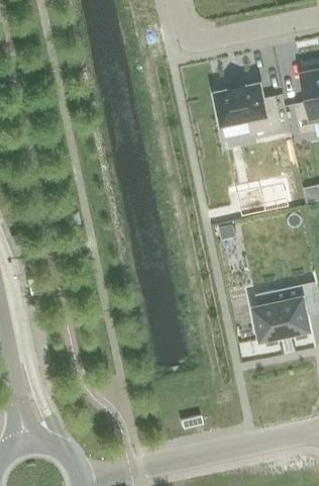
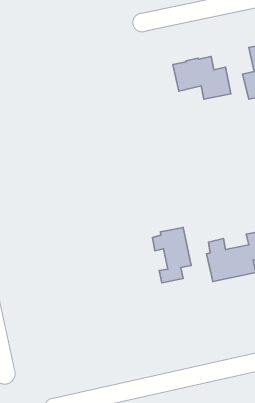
building: none -> [152,228,191,283]

